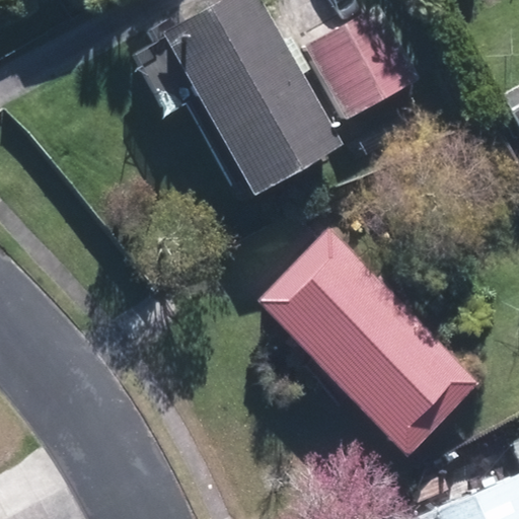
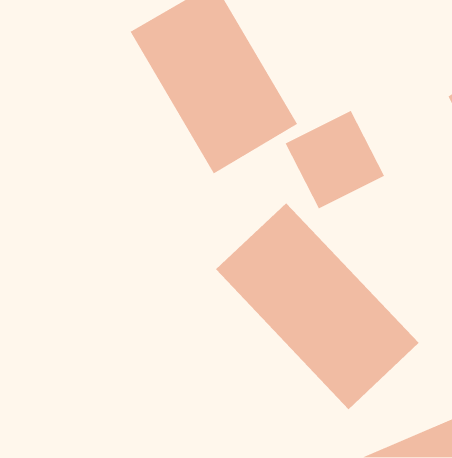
building: [308,9,422,122] -> [284,110,385,210]

